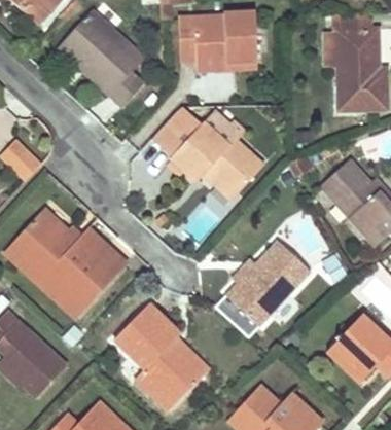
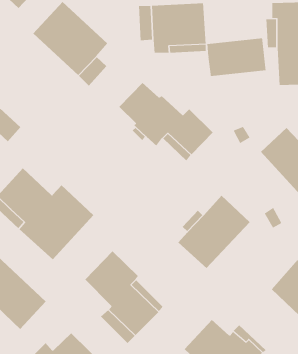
building: none -> [207,38,266,77]

